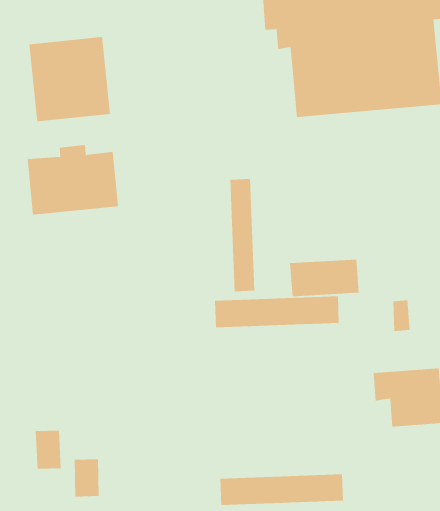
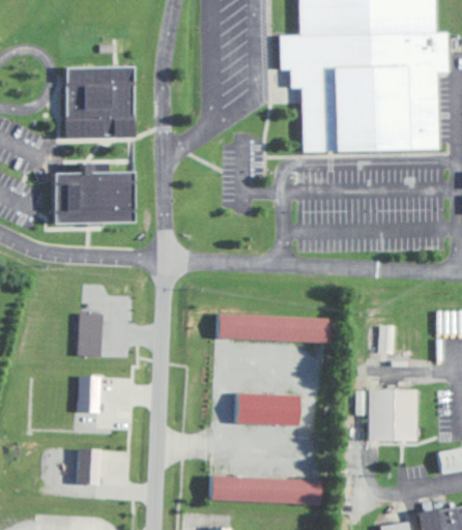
building: [230,178,255,292] -> none
building: [289,259,360,297] -> [238,393,300,425]
building: none -> [76,314,102,357]
building: [35,430,62,469] -> [76,377,99,413]

